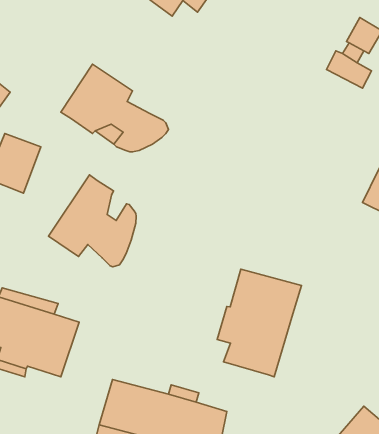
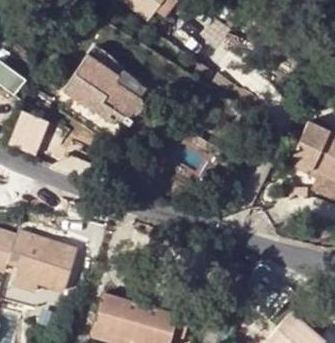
building: [48,175,136,267] -> none
building: [217,269,301,377] -> none

